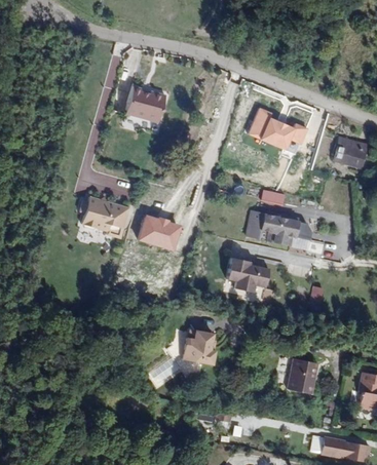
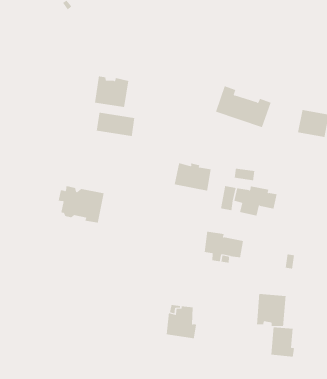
building: none -> [96,112,135,137]
building: [140,219,180,250] -> [174,162,211,191]
building: none -> [256,293,286,327]

